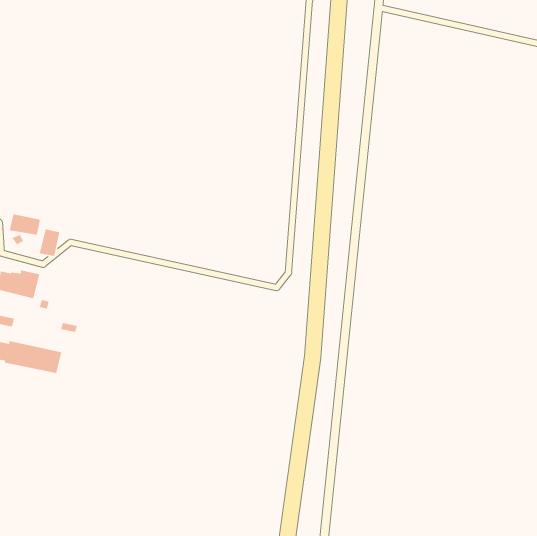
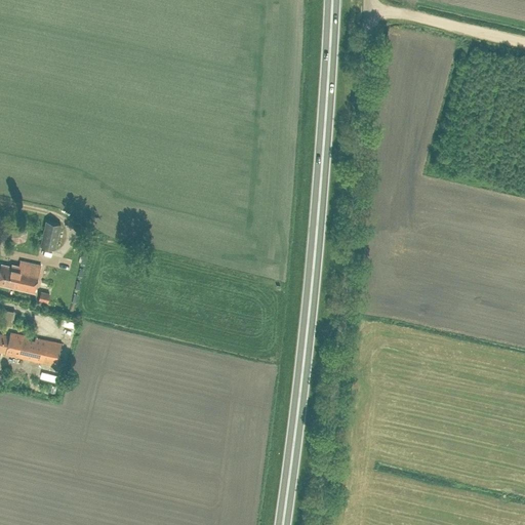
building: [9,213,41,236] -> none

